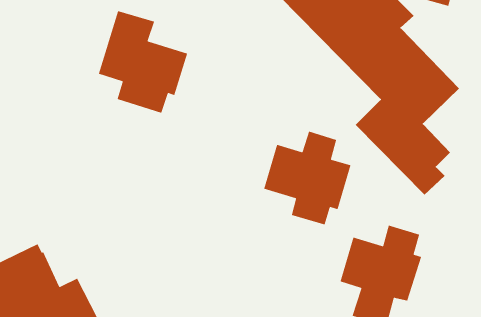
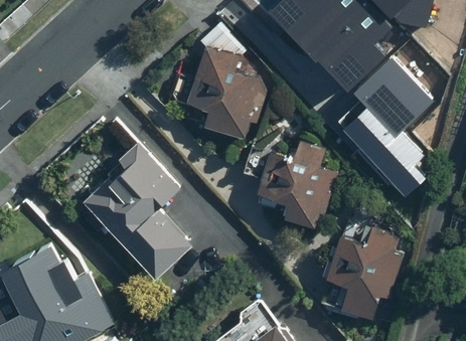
building: [98,10,188,114] -> [186,45,269,140]
building: none -> [82,142,191,279]

